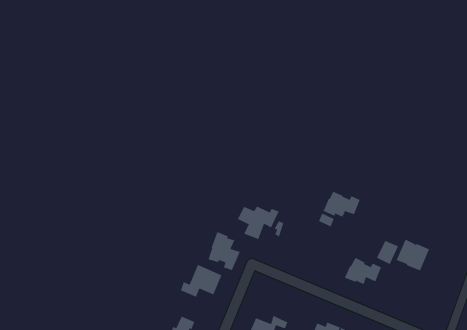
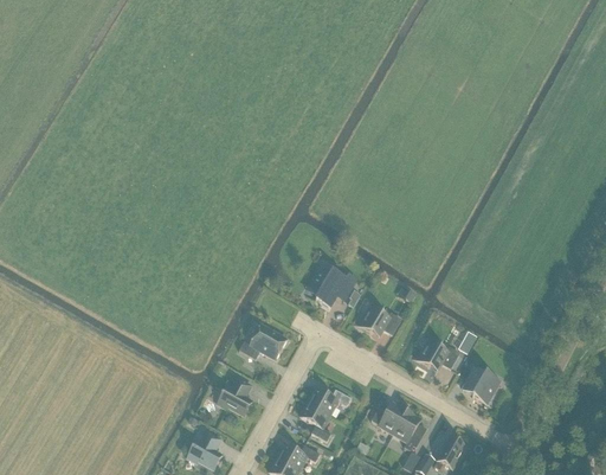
building: [317,191,360,218] -> [353,304,400,334]
building: [208,229,240,271] -> none
building: [396,239,430,271] -> [462,366,499,403]

